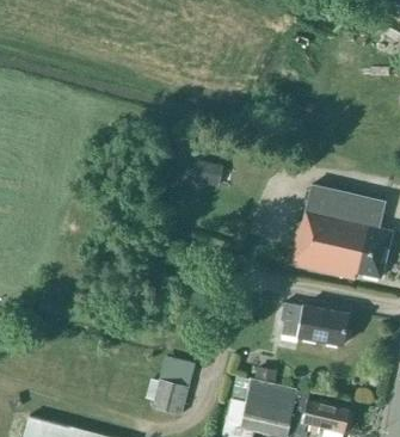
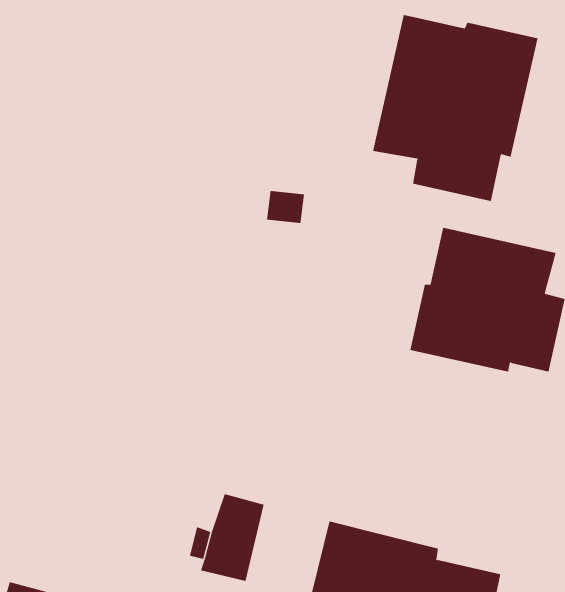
building: none -> [373,14,538,202]
building: [281,303,350,345] -> none

